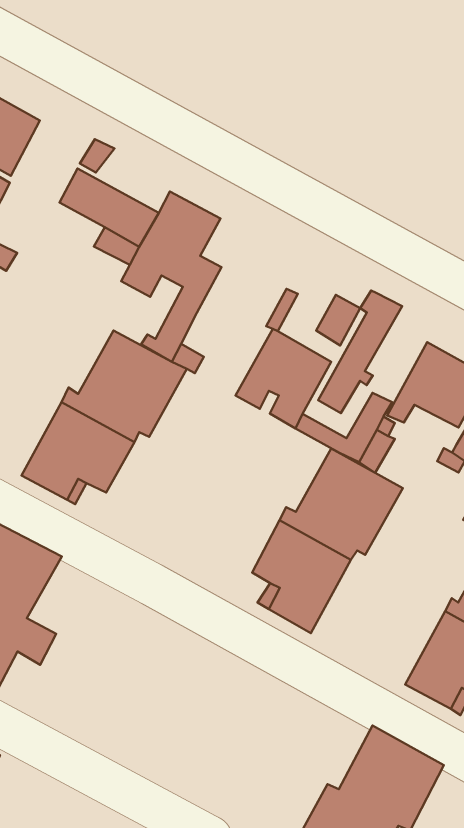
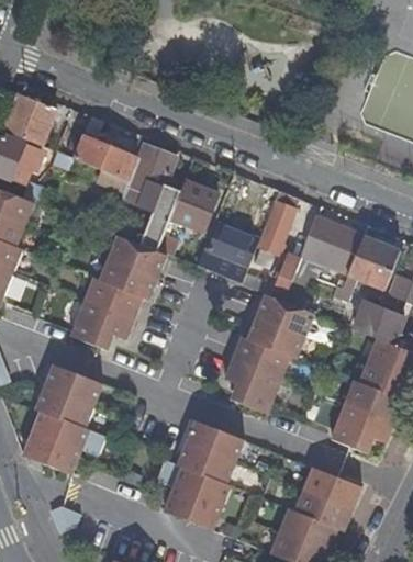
building: none -> [169,182,217,231]
building: none -> [158,419,242,528]

